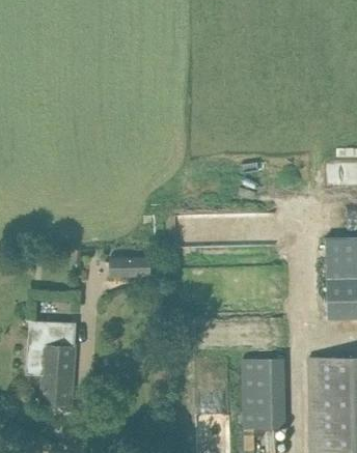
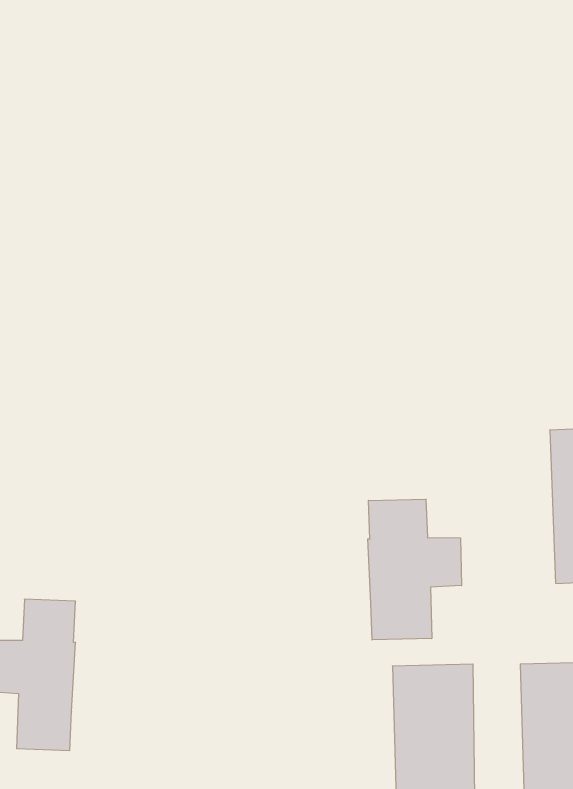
building: [110,259,152,279] -> none
building: none -> [368,499,462,640]

